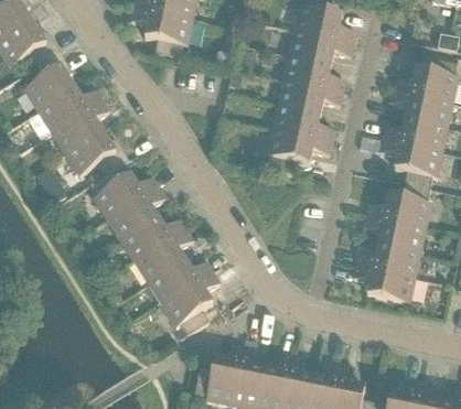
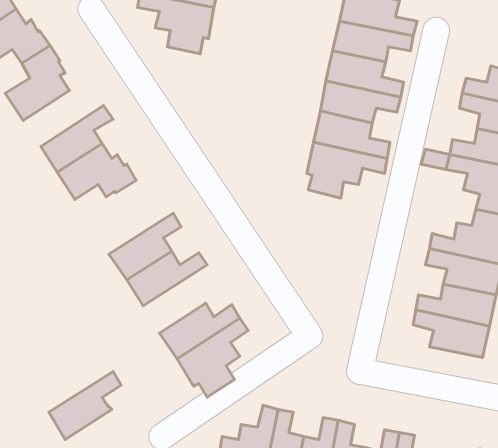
building: [39,88,104,133] -> none
building: [90,170,160,220] -> none
building: [136,229,194,284] -> [49,371,121,440]

